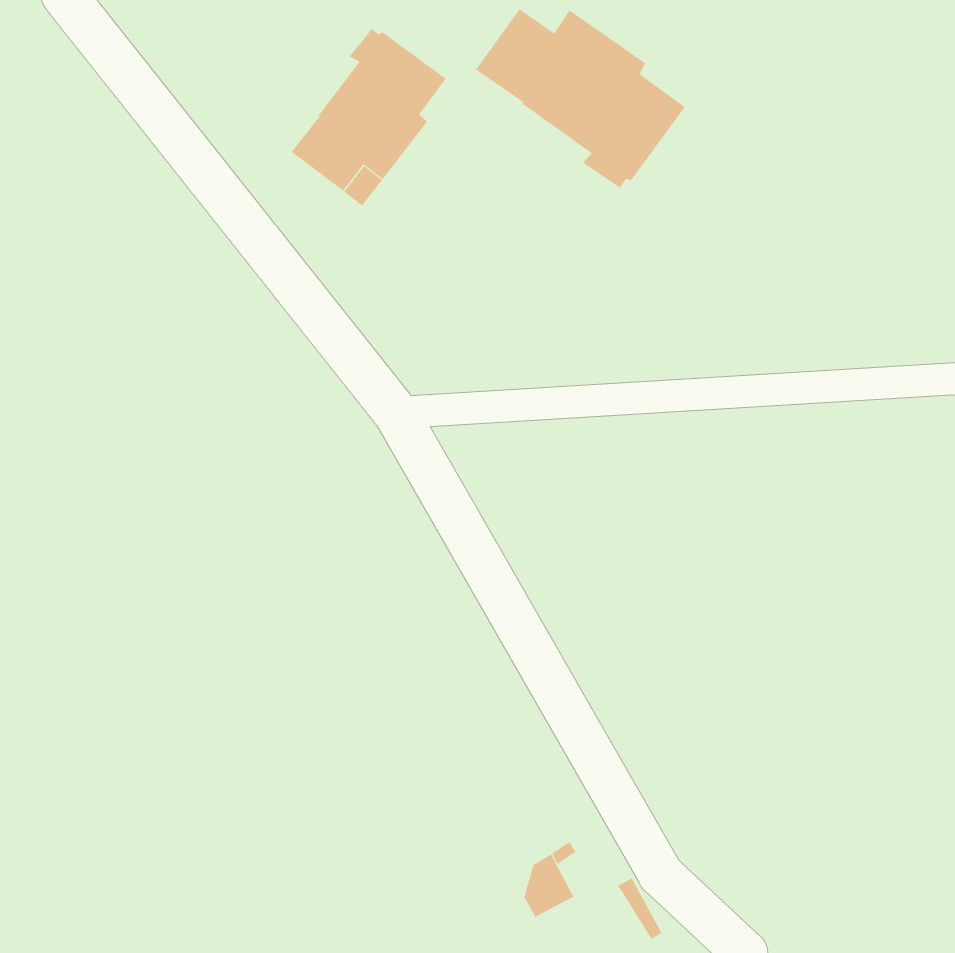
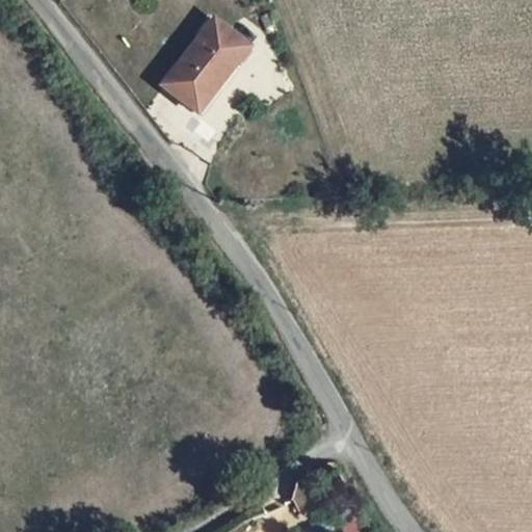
building: [475,8,686,188] -> none

